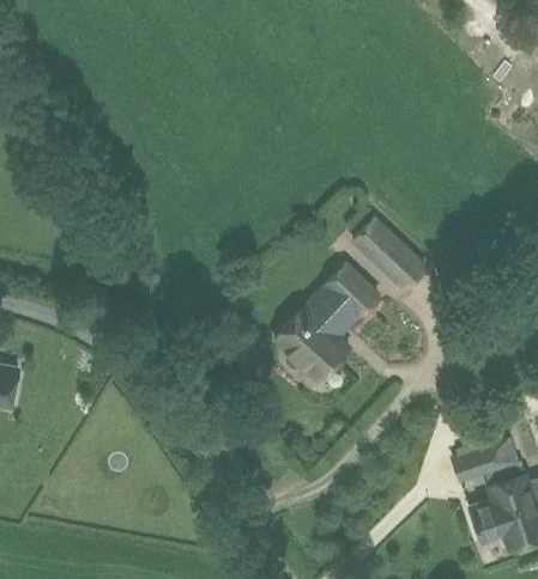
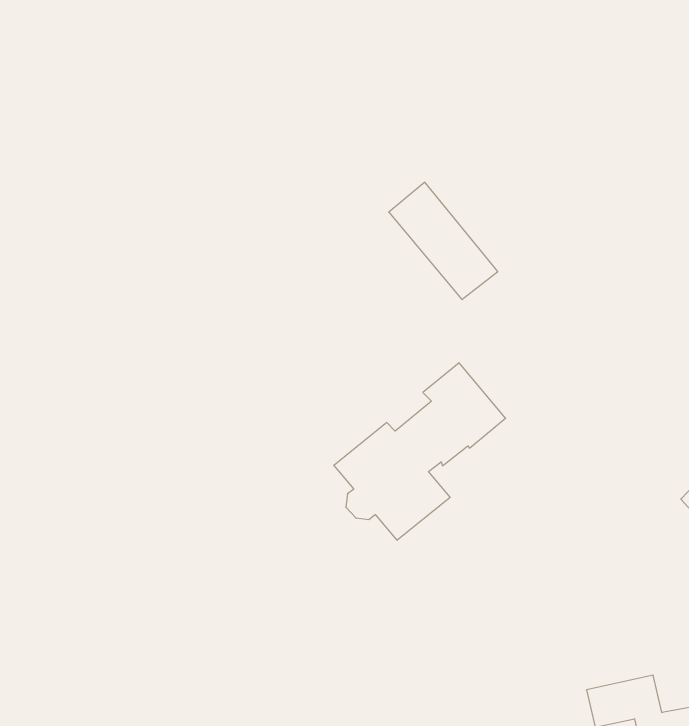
building: [355,219,428,290] -> [389,182,498,300]

